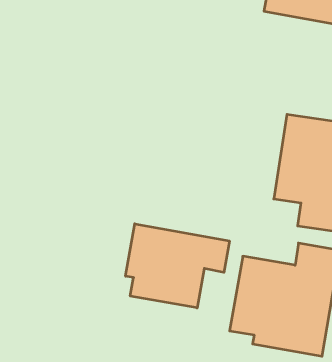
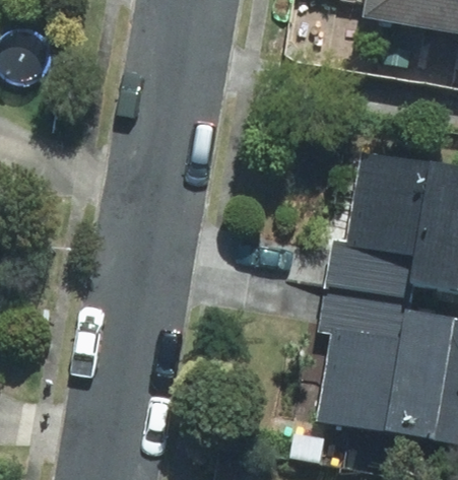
building: [126,224,229,308] -> none

